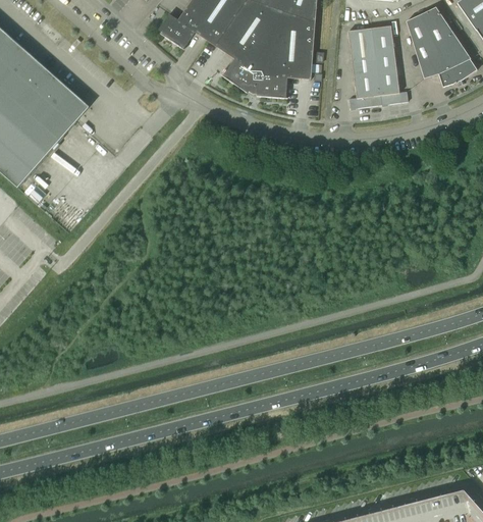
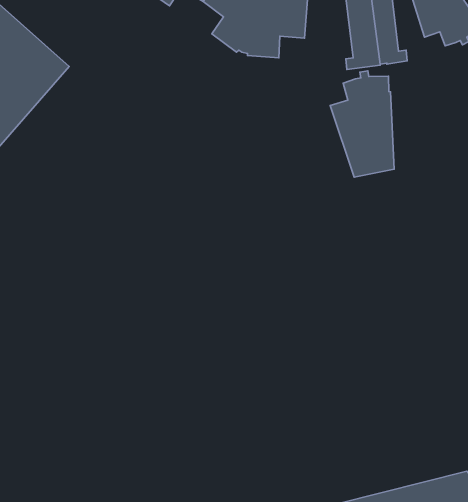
building: none -> [330,71,394,177]

